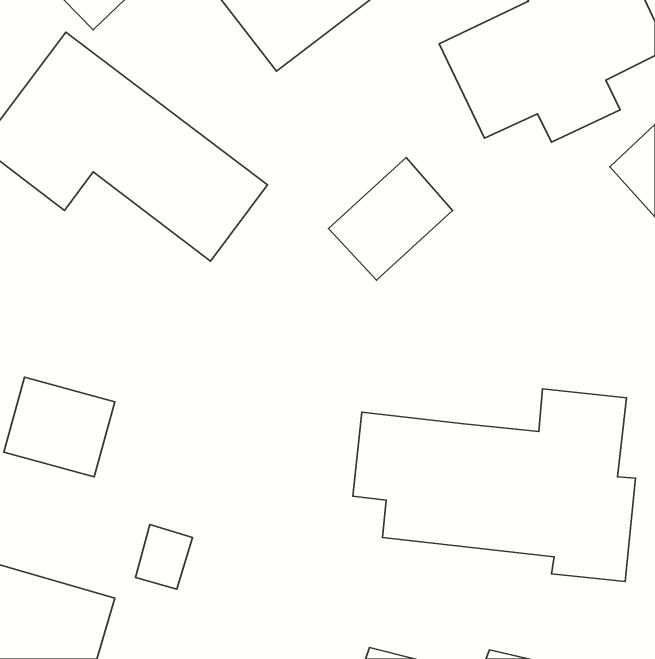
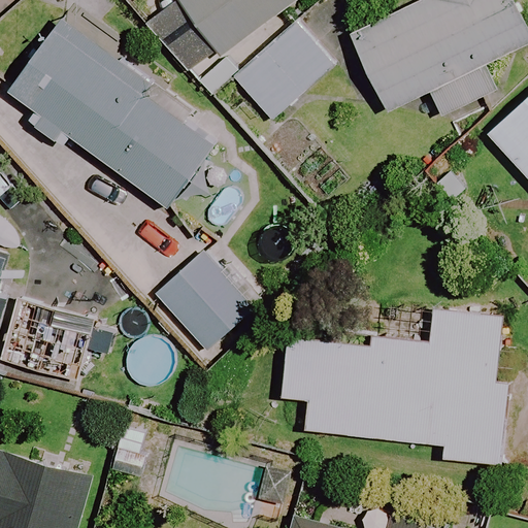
building: [329,157,453,280] -> [234,22,333,120]
building: none -> [156,253,252,351]

